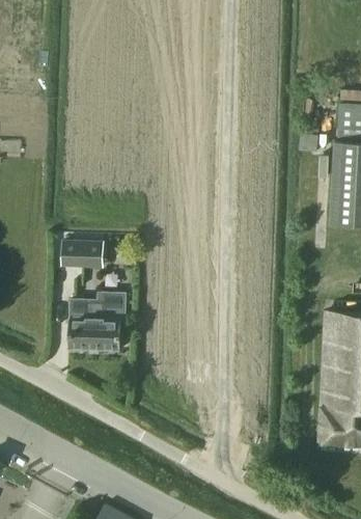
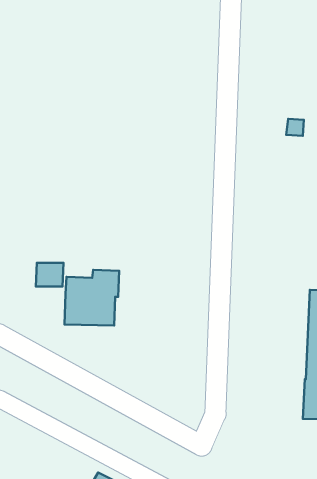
building: [61,240,90,265] -> [36,263,64,287]

